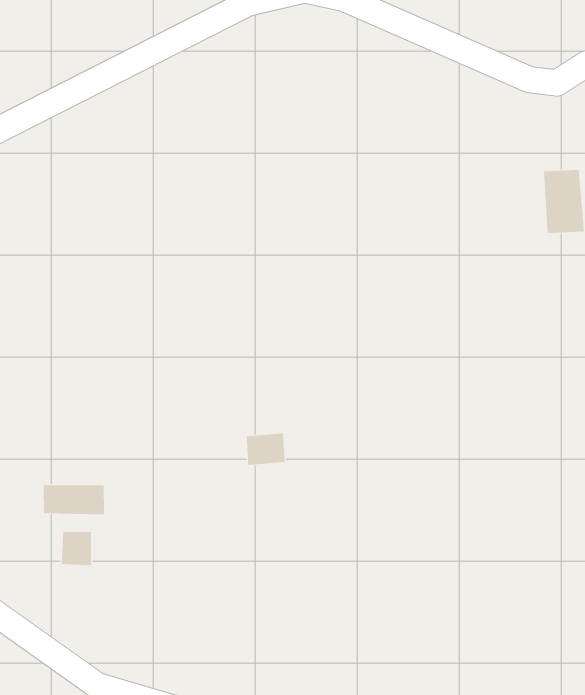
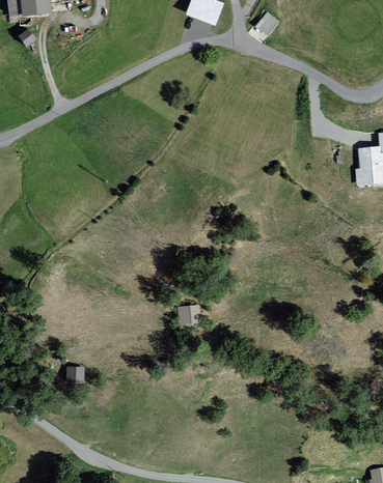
building: [43,485,105,515] -> none

